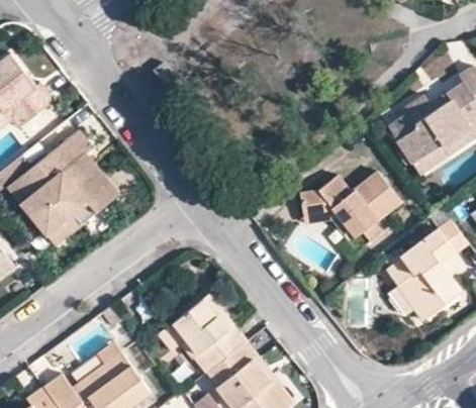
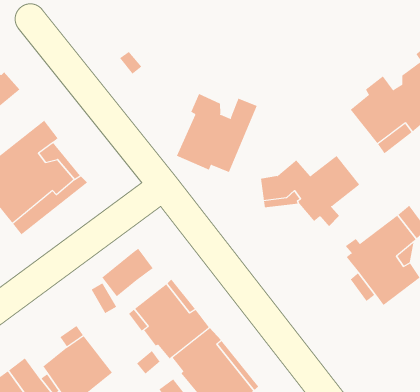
building: none -> [176,93,257,173]
building: none -> [102,248,153,297]

